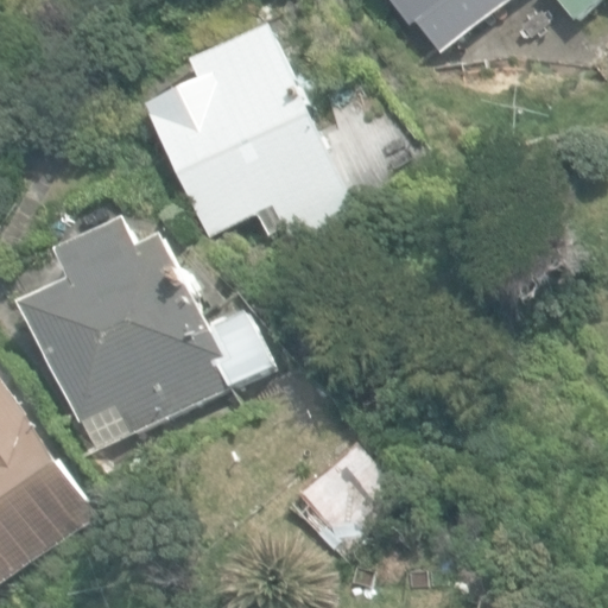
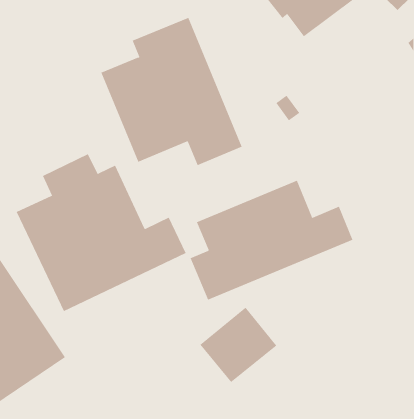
building: none -> [190,180,353,300]

